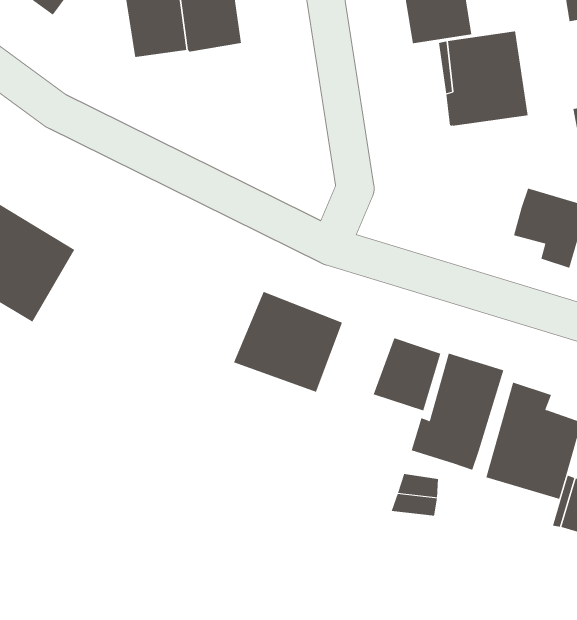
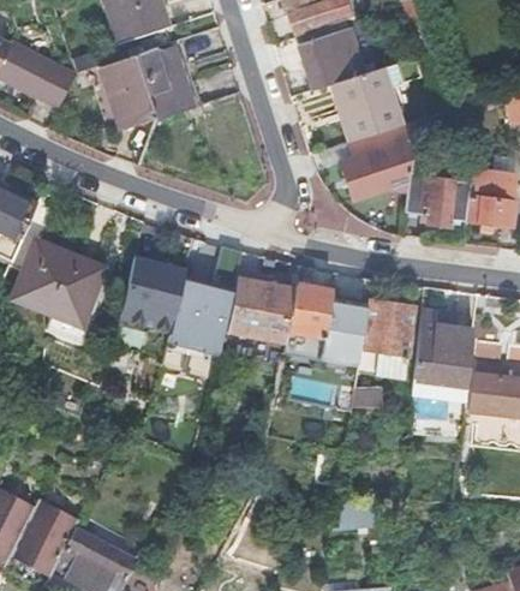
building: none -> [339,121,417,201]
building: none -> [139,252,222,342]
building: none -> [286,285,333,338]

